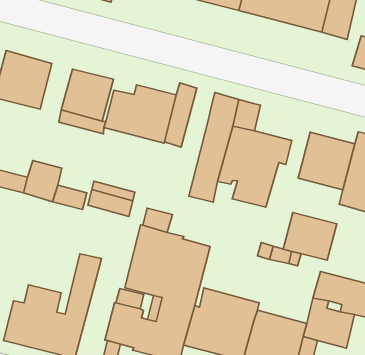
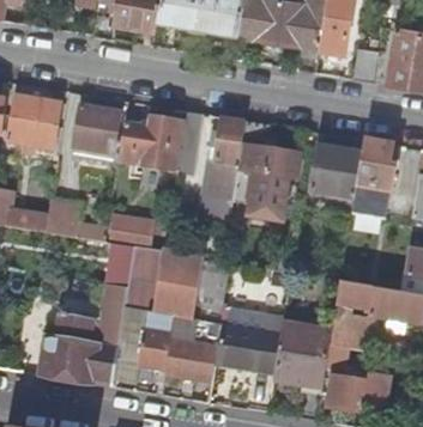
building: [283,212,337,260] -> none
building: none -> [122,245,161,312]

